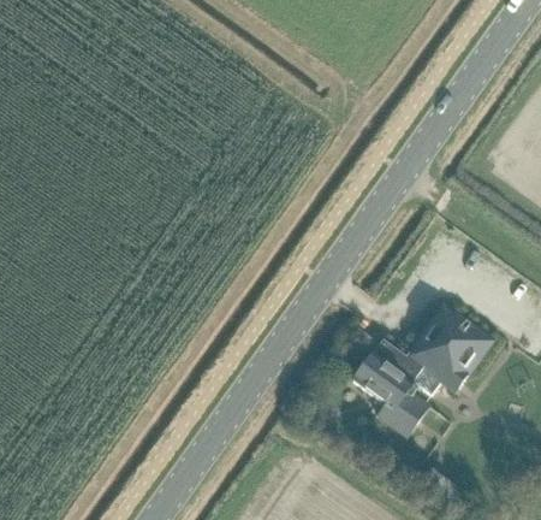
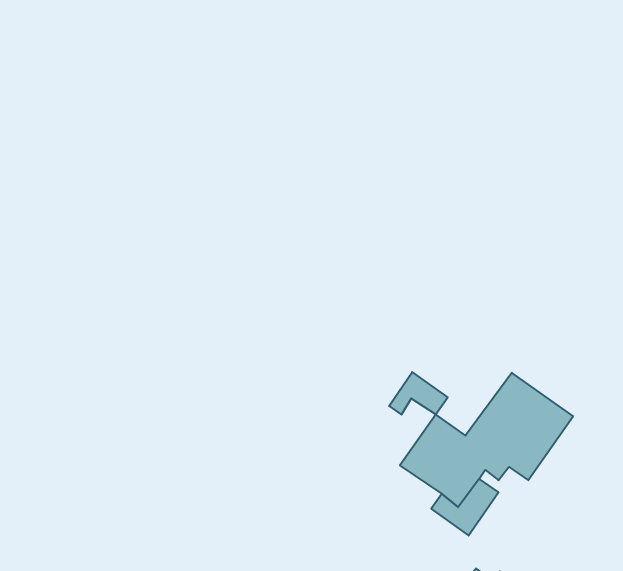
building: none -> [389,372,448,415]

